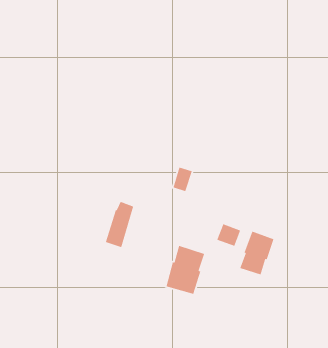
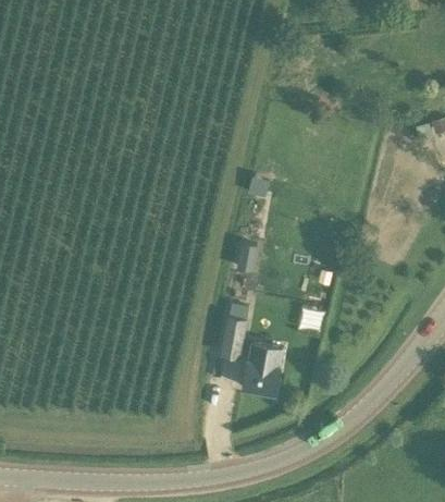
building: [105,201,134,248] -> [219,308,248,364]
building: [239,231,275,276] -> none

